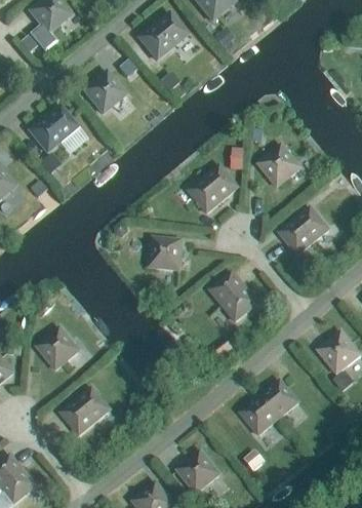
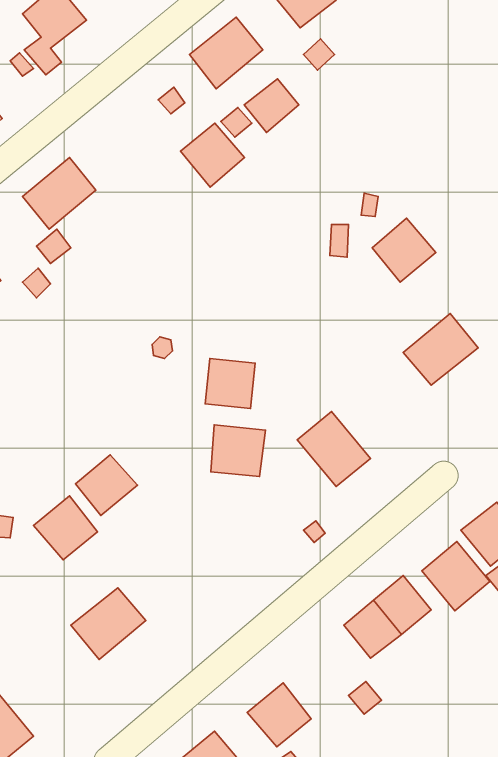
building: none -> [244,79,299,133]
building: [83,71,125,113] -> [181,123,245,187]
building: [189,165,237,212] -> none
building: none -> [211,425,265,477]
building: none -> [76,455,138,515]
building: none -> [422,541,490,611]

